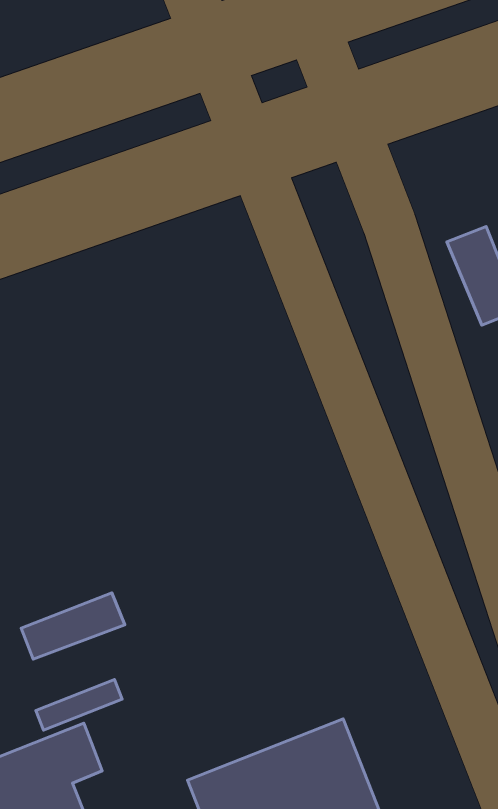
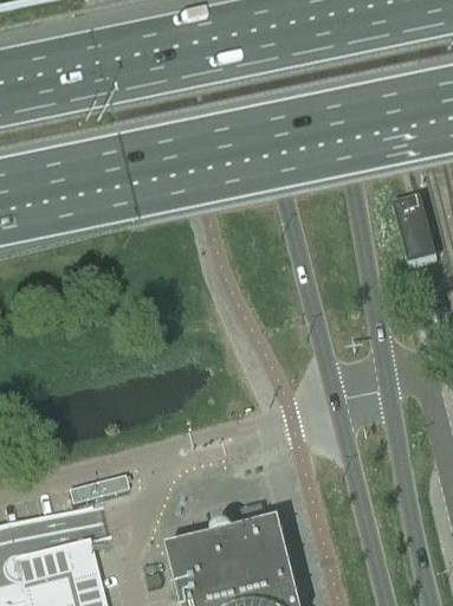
building: [21,593,125,659] -> none

